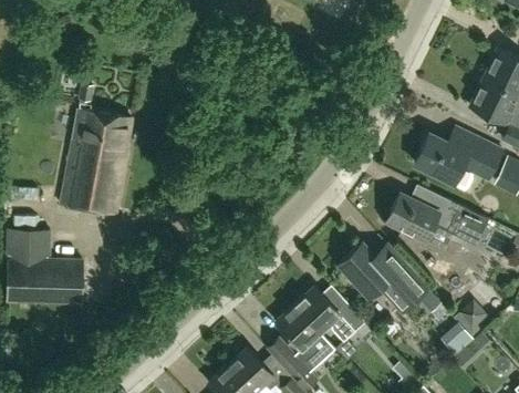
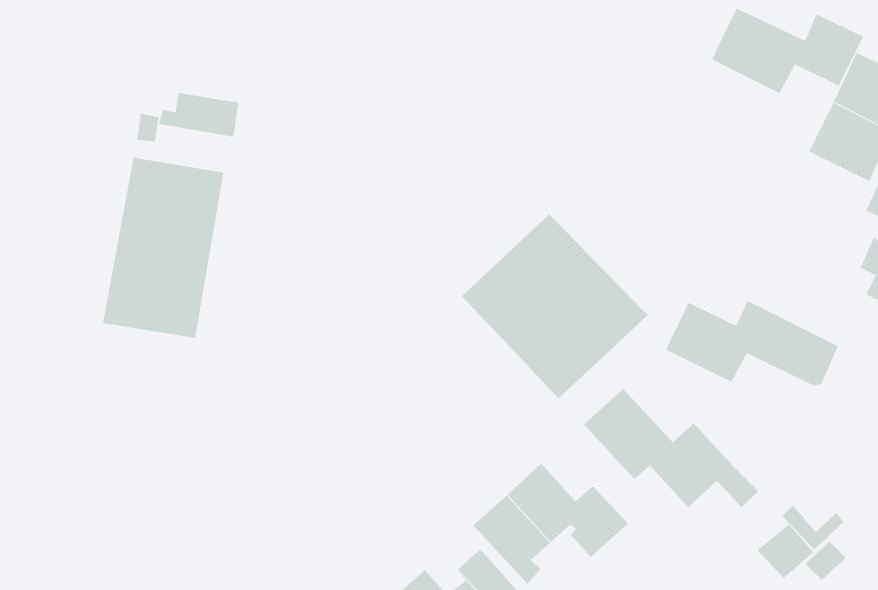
building: none -> [158,92,239,137]
building: [415,134,504,184] -> [711,8,864,94]
building: none -> [461,214,648,399]
building: [7,230,83,304] -> none

